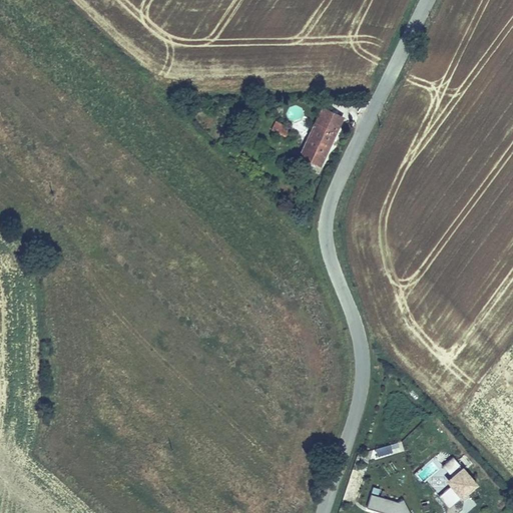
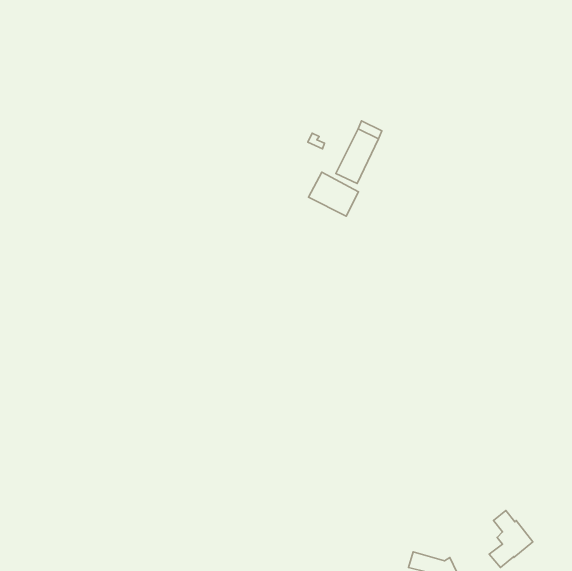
building: none -> [309,172,358,216]

